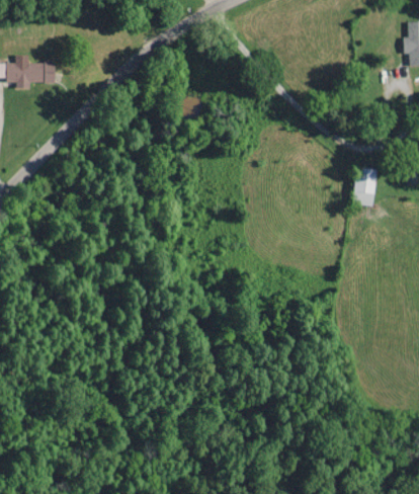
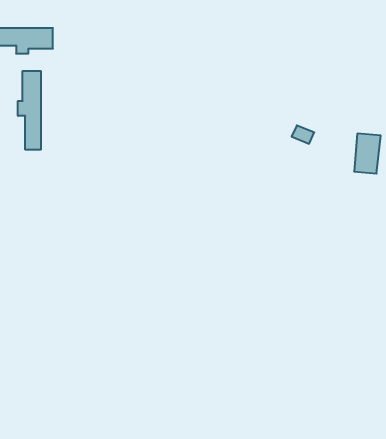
building: none -> [18,71,41,150]

